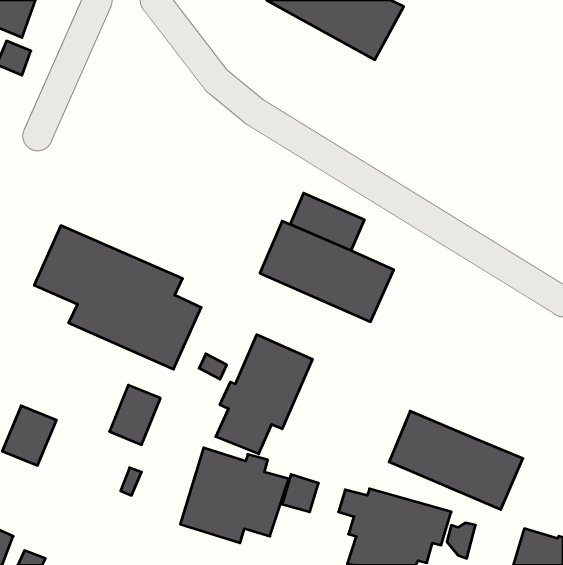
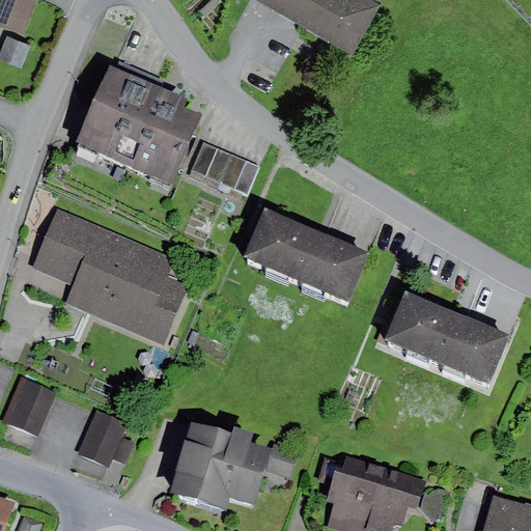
building: none -> [77,66,200,181]
building: [290,193,364,251] -> [190,142,259,196]
building: [216,335,312,454] -> none
building: [109,385,160,445] -> [77,412,124,468]
building: [389,411,523,510] -> [385,291,510,384]

